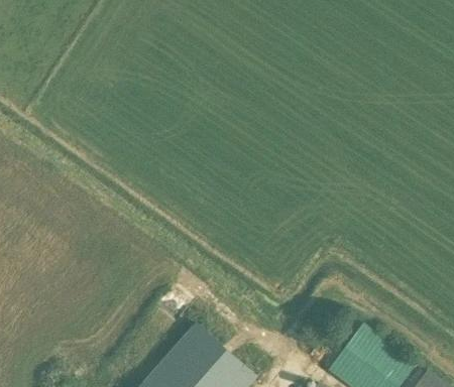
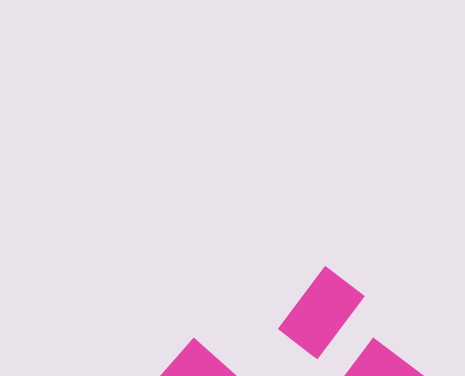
building: none -> [277,265,366,360]

